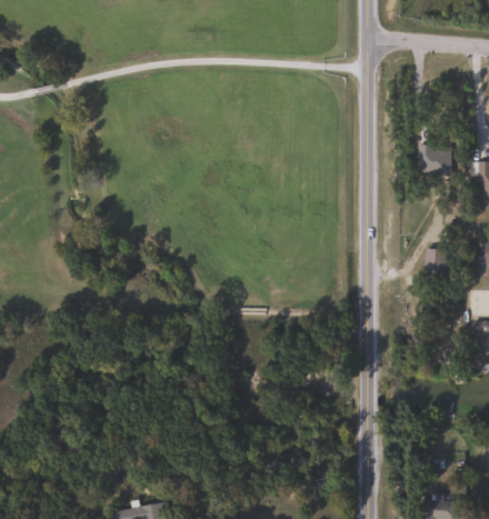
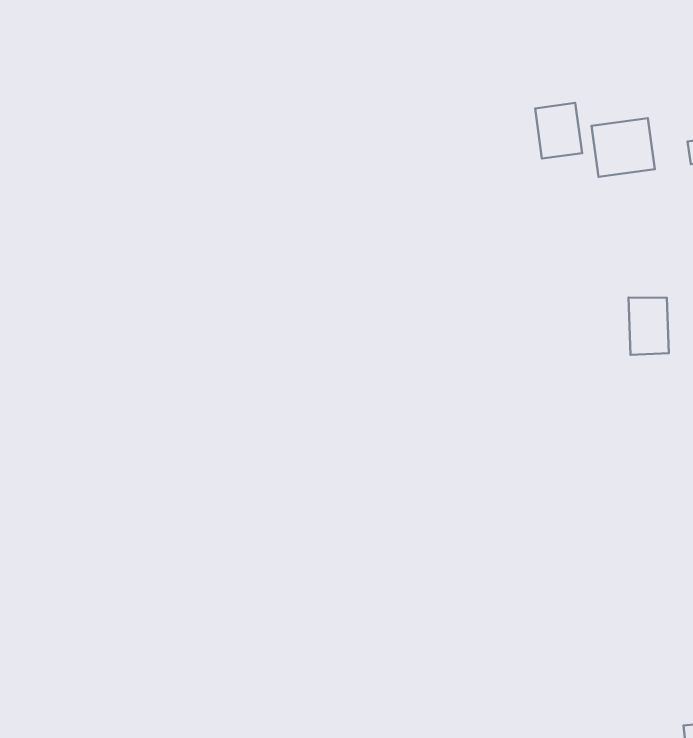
building: none -> [535,103,582,159]

